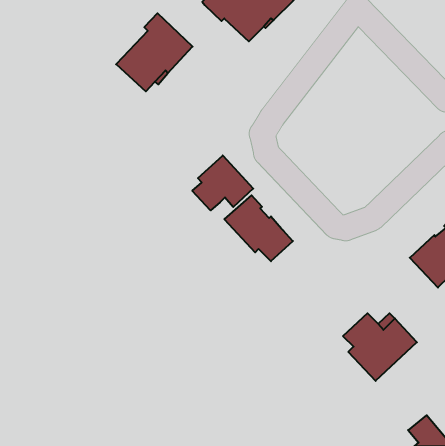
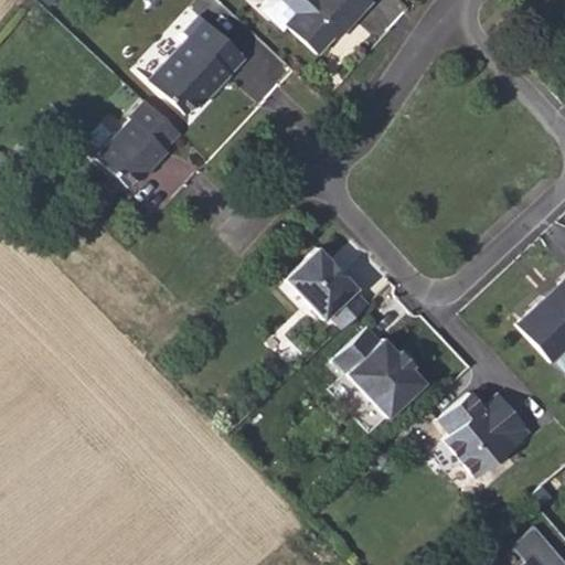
building: none -> [98,102,182,189]
building: [192,155,253,210] -> none
building: none -> [333,327,425,418]

